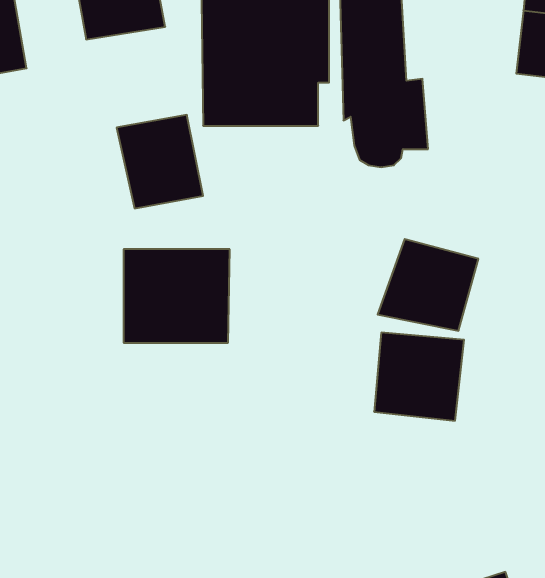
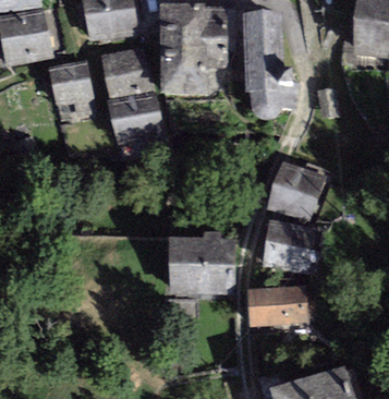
building: none -> [101,47,150,95]
building: none -> [49,59,95,107]
building: [124,249,230,343] -> [170,238,234,294]
building: none -> [246,285,316,328]

